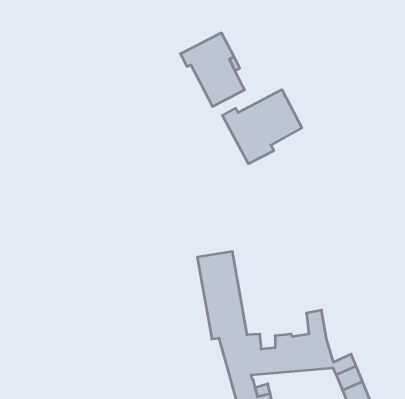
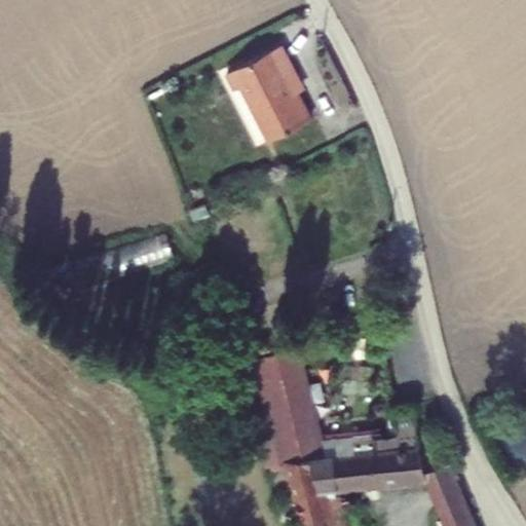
building: [222,90,302,164] -> none

